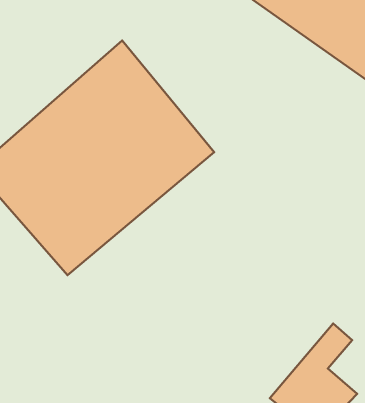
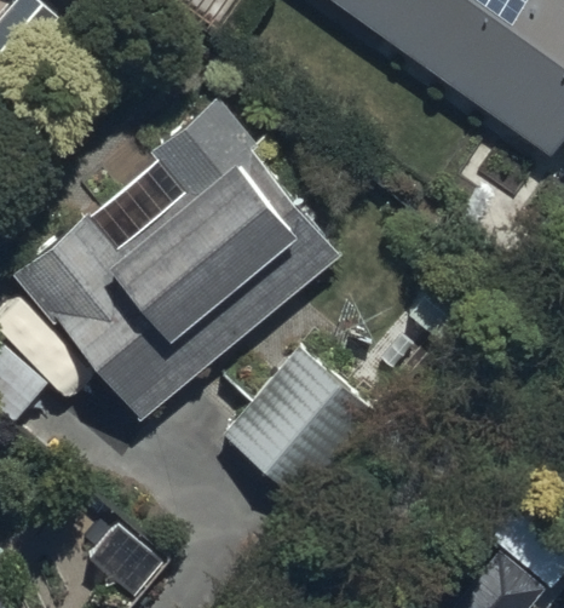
building: none -> [225,346,379,503]

